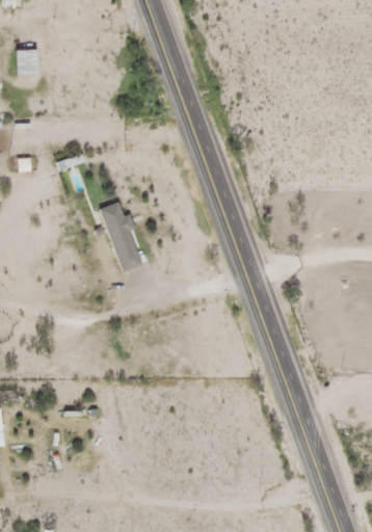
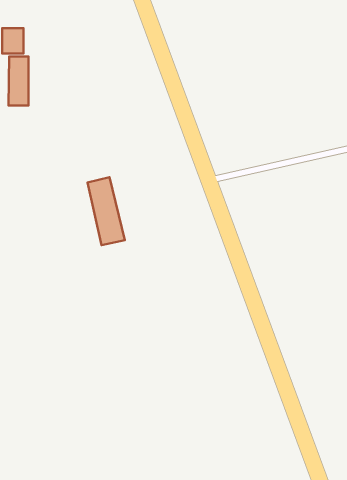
building: none -> [8,56,29,106]

